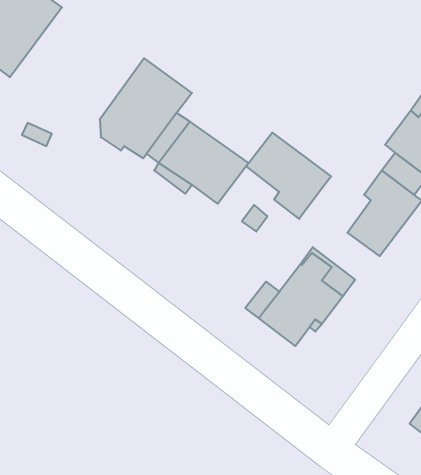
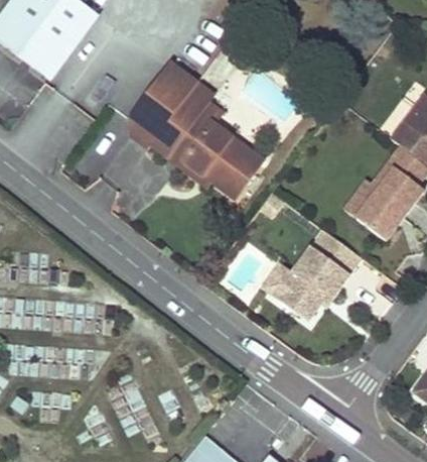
building: [246,133,331,219] -> none

